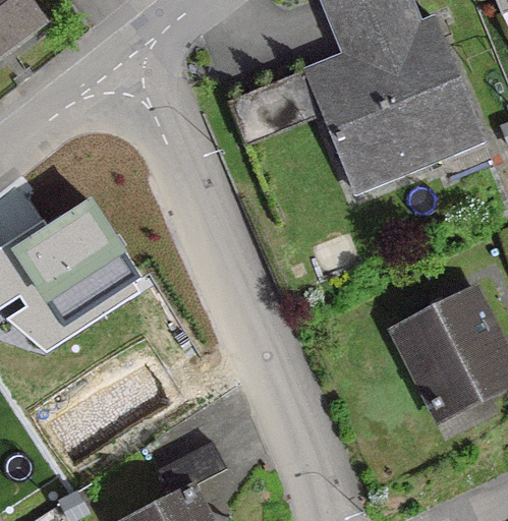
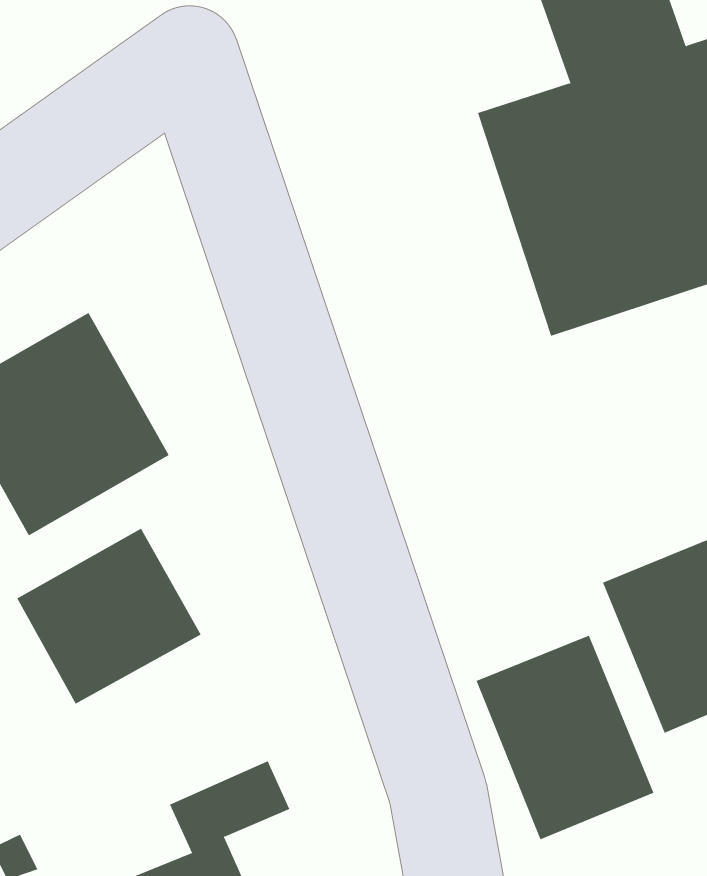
building: none -> [16,528,201,704]
building: none -> [476,635,654,840]

